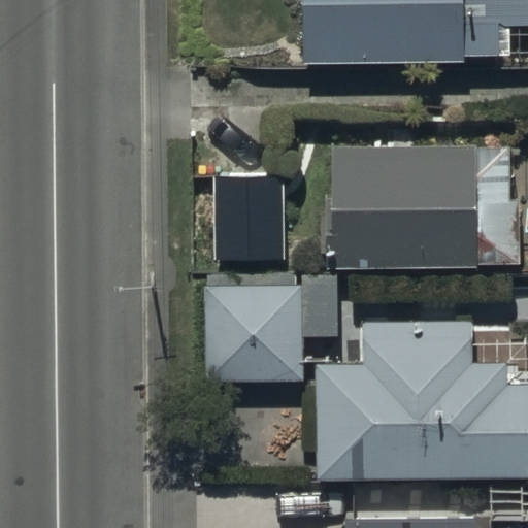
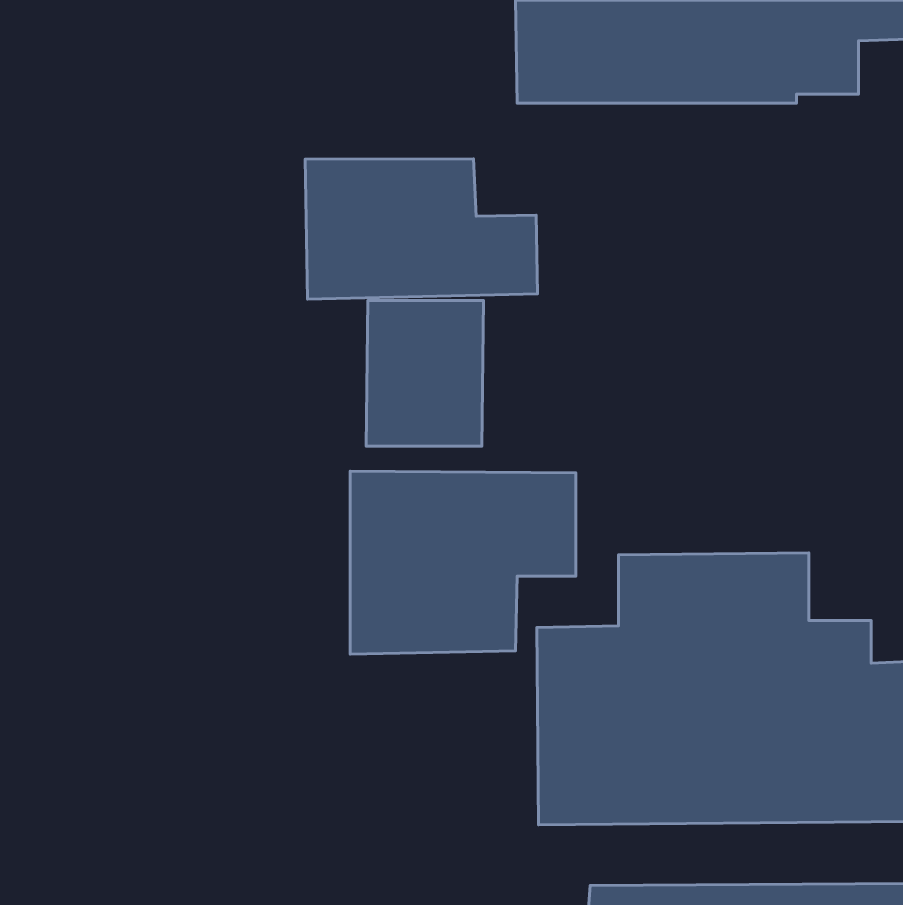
building: none -> [305,159,537,299]
building: [331,146,517,267] -> none

